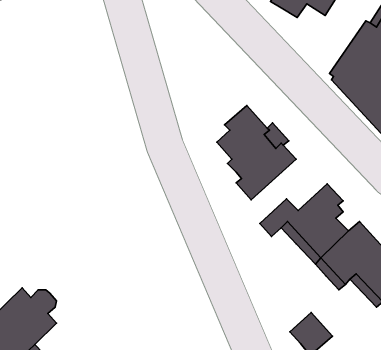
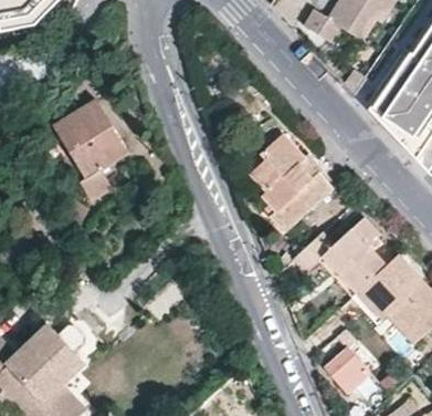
building: none -> [53,97,128,200]

